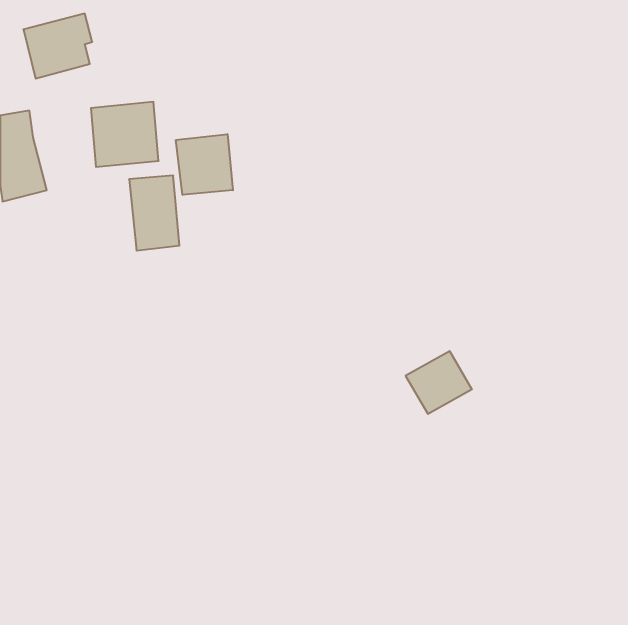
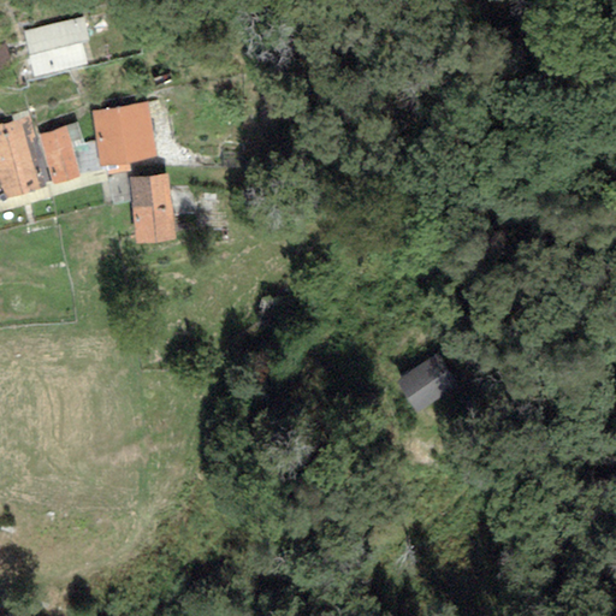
building: none -> [32,128,82,189]
building: [176,134,233,195] -> none

